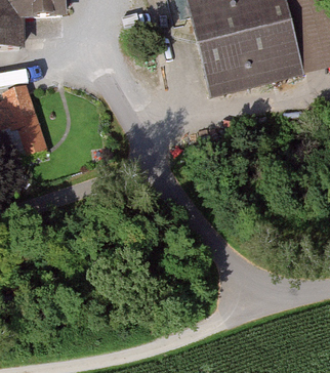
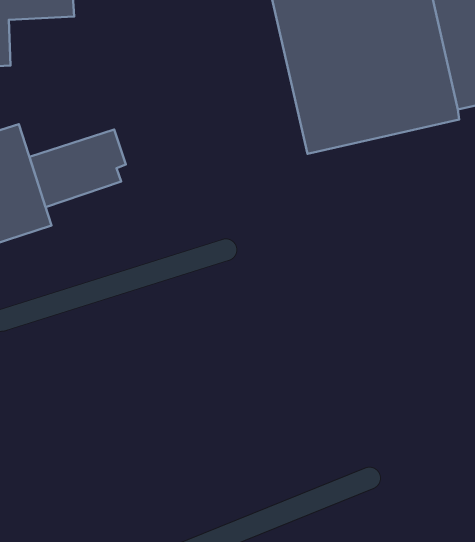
building: none -> [29,130,126,207]

